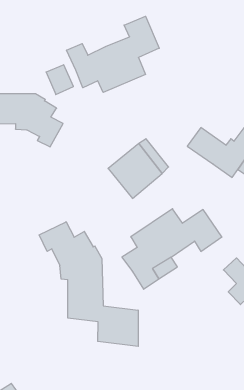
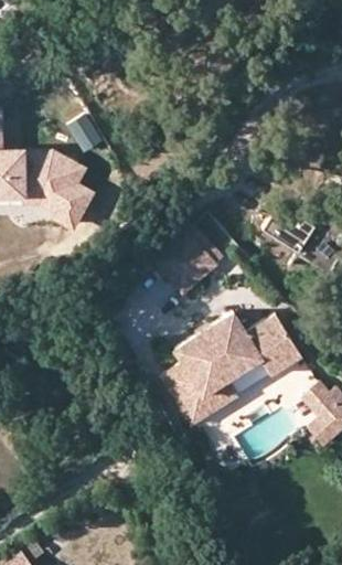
building: [67,16,159,92] -> none
building: [39,222,138,346] -> none

